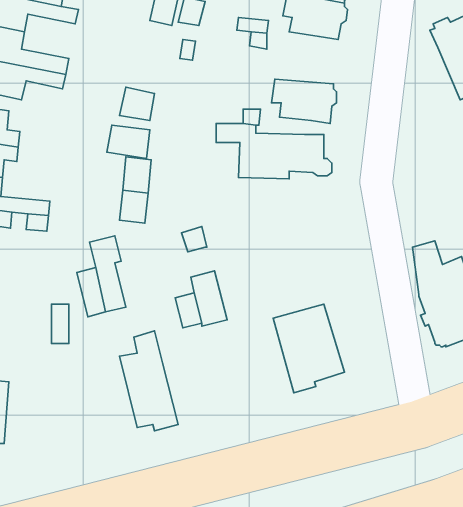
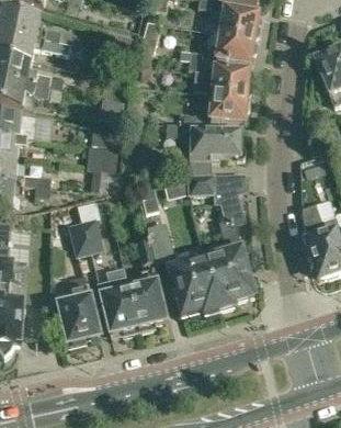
building: none -> [205,65,250,93]
building: none -> [189,173,242,240]
building: none -> [168,256,218,314]
building: none -> [127,267,164,329]
building: none -> [58,273,98,347]

